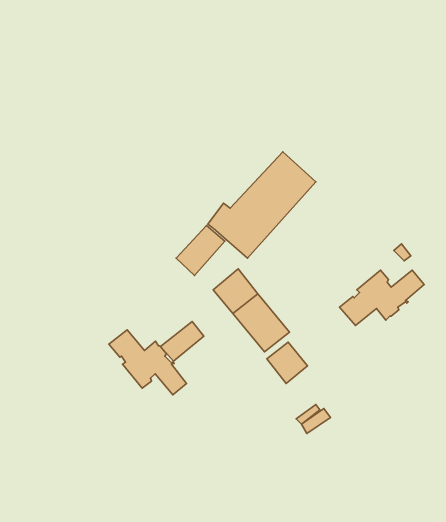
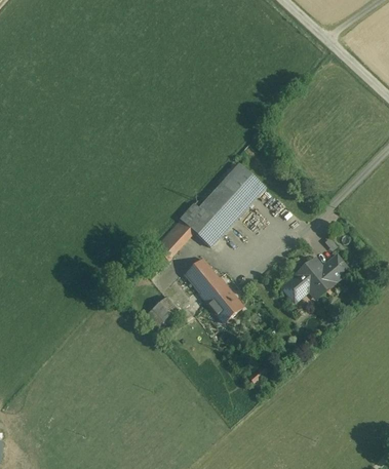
building: [109,330,187,395] -> none
building: [267,342,308,383] -> none

